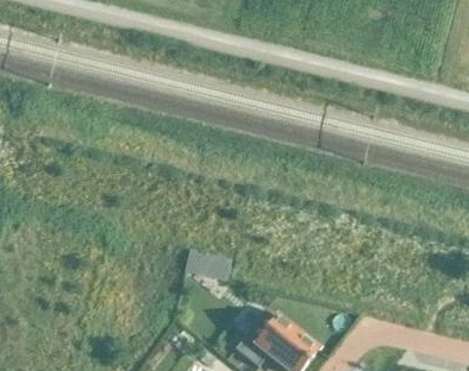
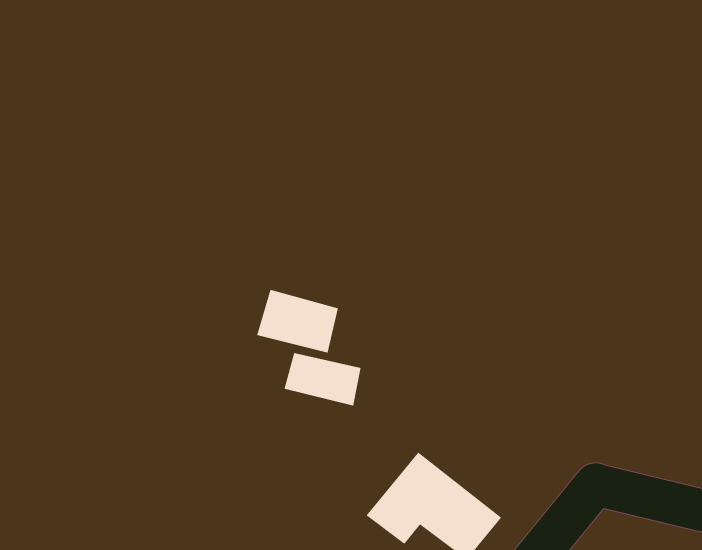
building: none -> [256,289,339,354]

